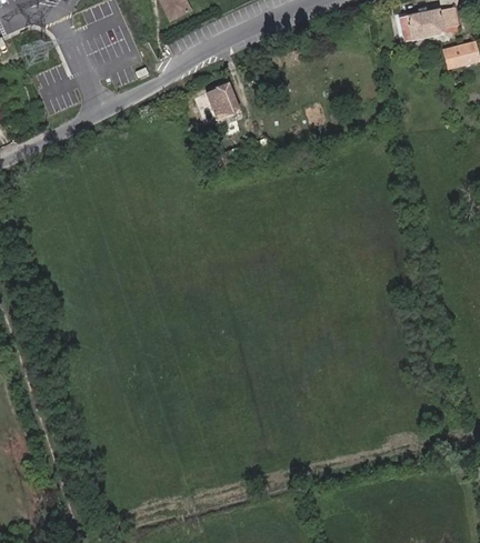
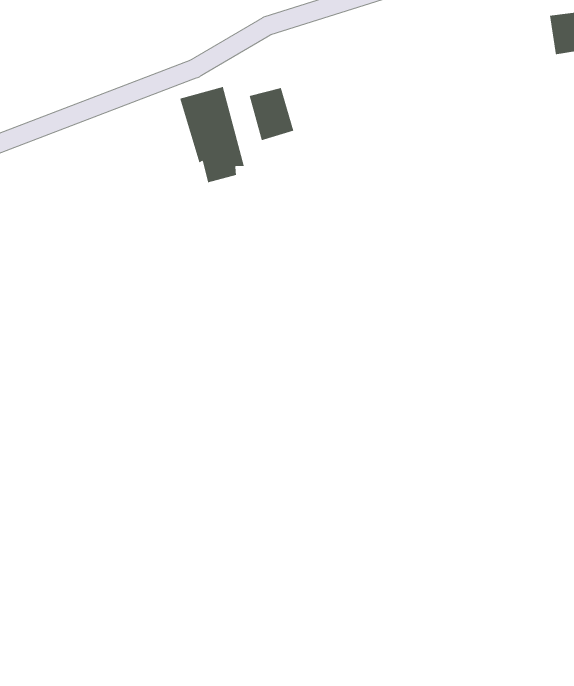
building: none -> [180,86,244,183]

